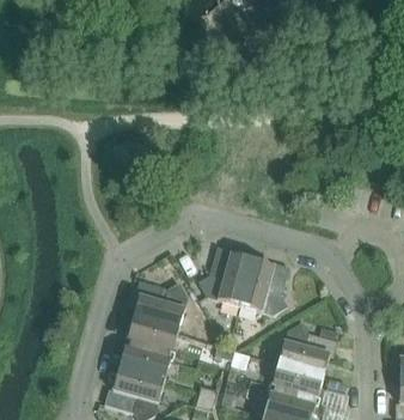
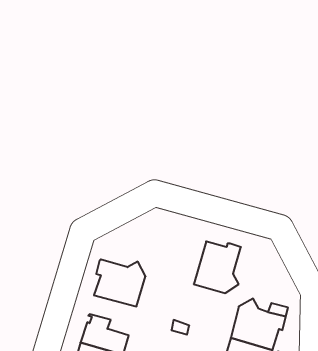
building: [198,245,252,305] -> none
building: [128,317,178,360] -> none

